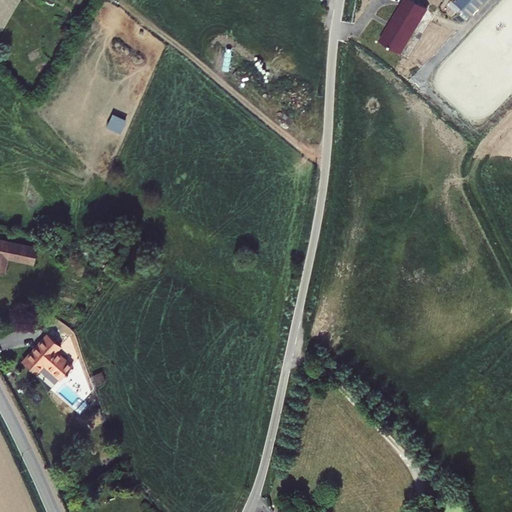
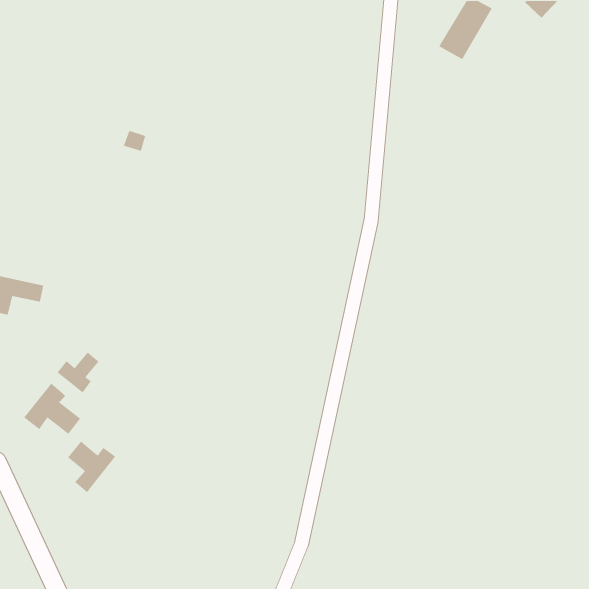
building: none -> [57,352,99,393]
building: none -> [67,441,116,493]

